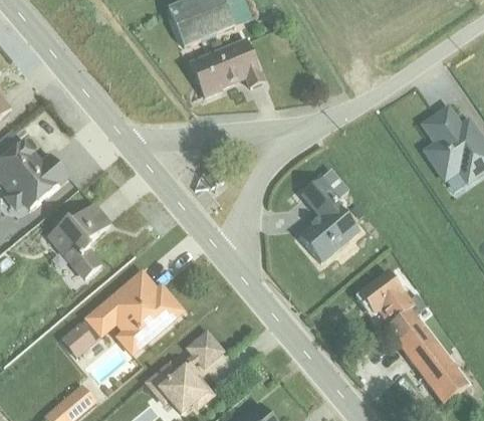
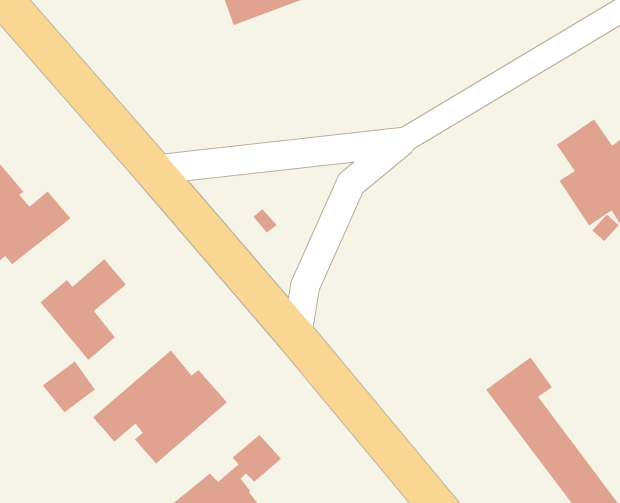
building: [190,38,259,89] -> none
building: [295,168,365,266] -> none
building: [58,321,97,359] -> [42,360,96,413]

